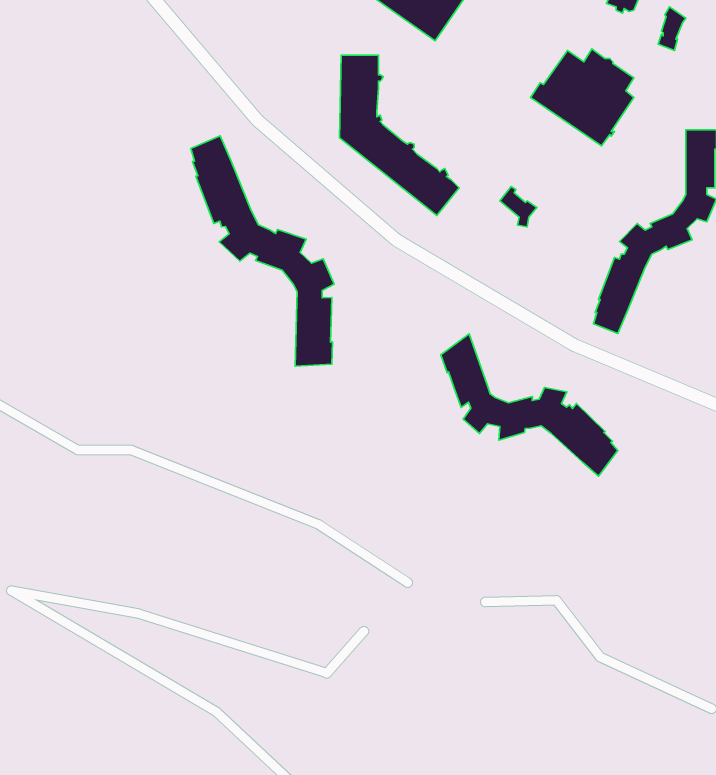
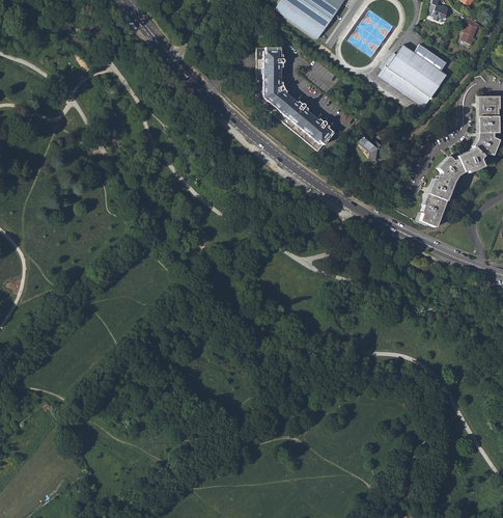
building: [191,136,334,366] -> none
building: [441,334,618,476] -> none

